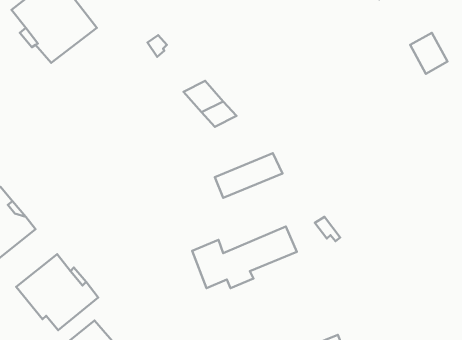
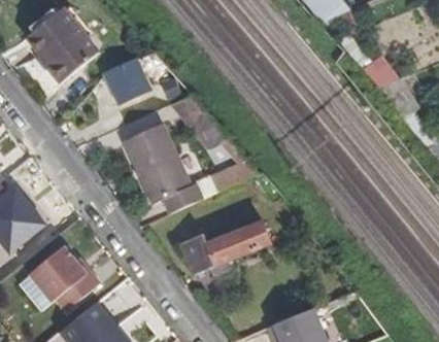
building: none -> [103,59,147,103]
building: none -> [125,122,203,212]

